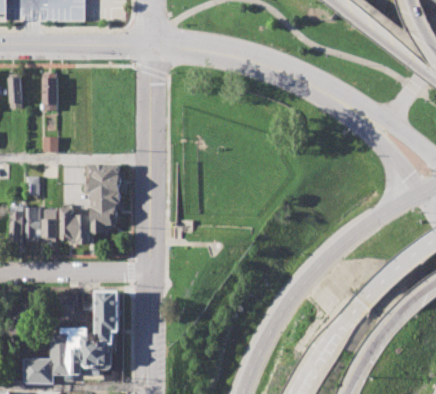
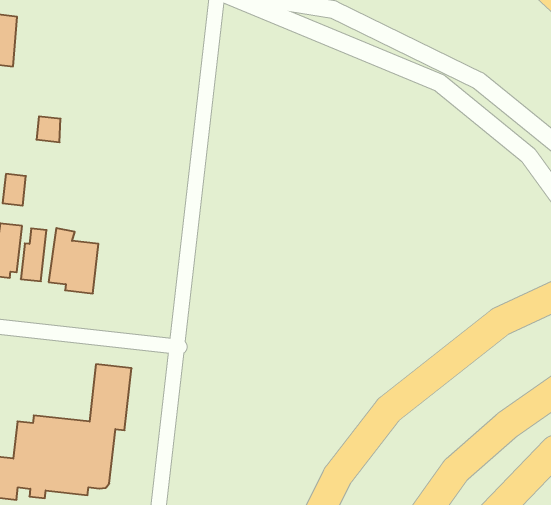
building: [41,73,56,111] -> none
building: [87,165,125,233] -> none

